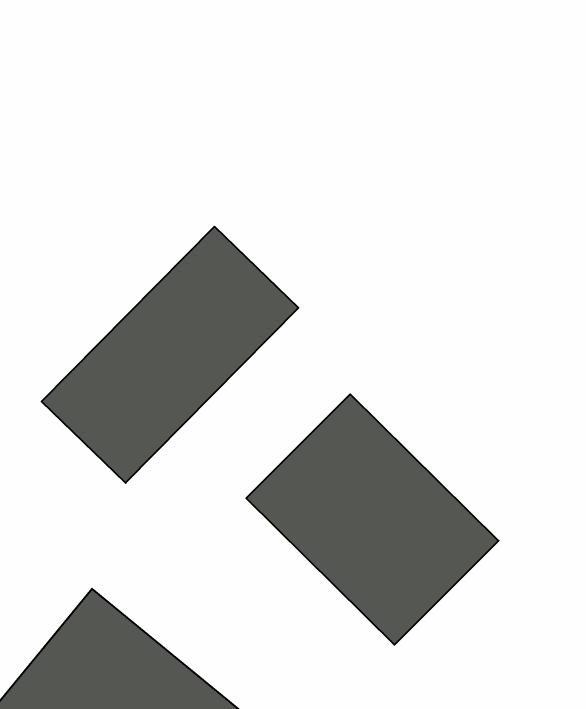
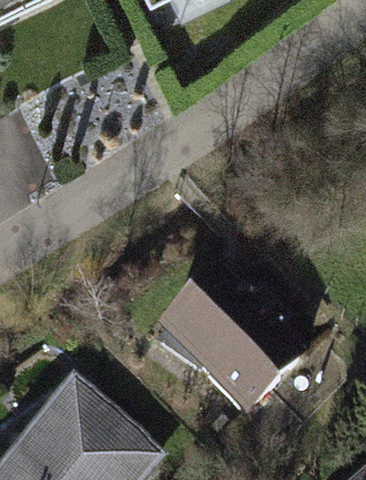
building: [42,227,298,483] -> none

